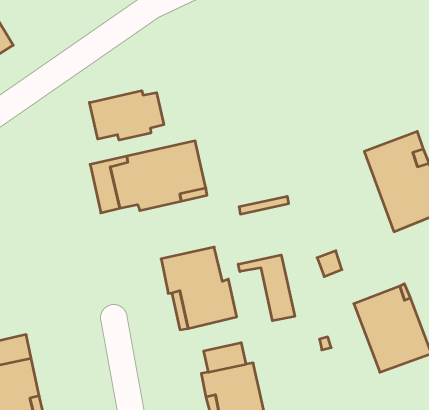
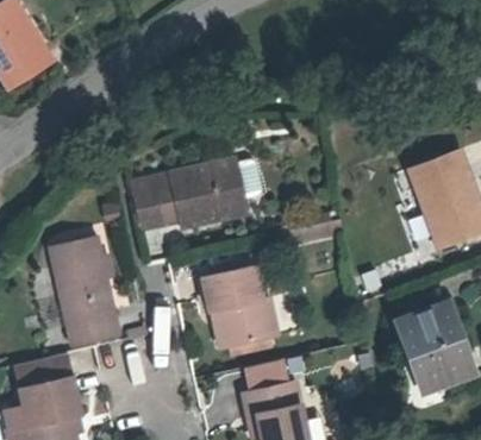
building: [89,91,164,140] -> none
building: none -> [48,235,119,345]
building: [238,255,295,321] -> none

